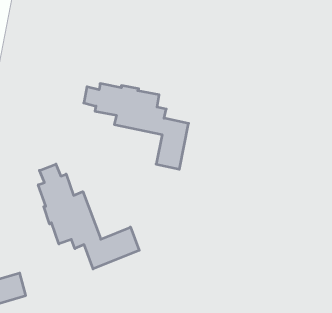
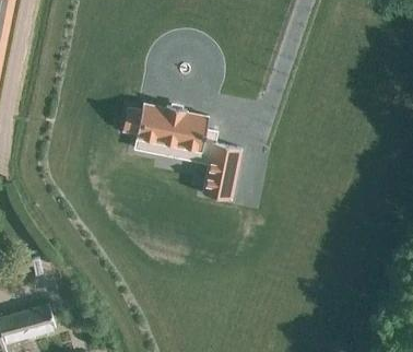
building: [38,164,139,269] -> none

